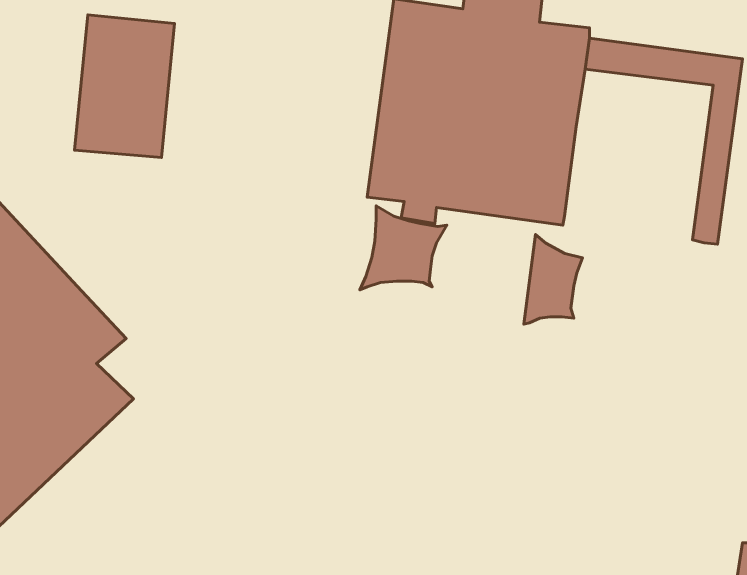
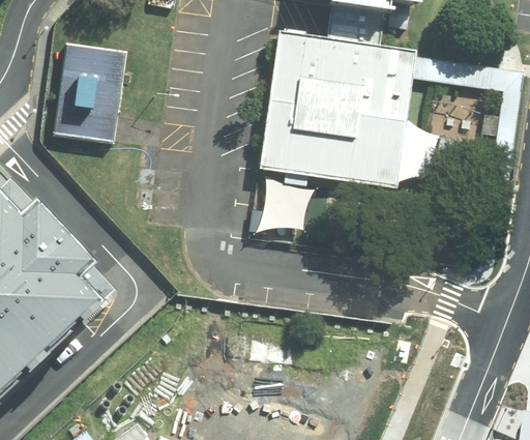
building: [524,234,583,324] -> [398,118,439,181]

